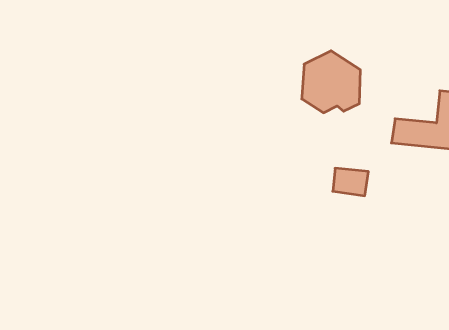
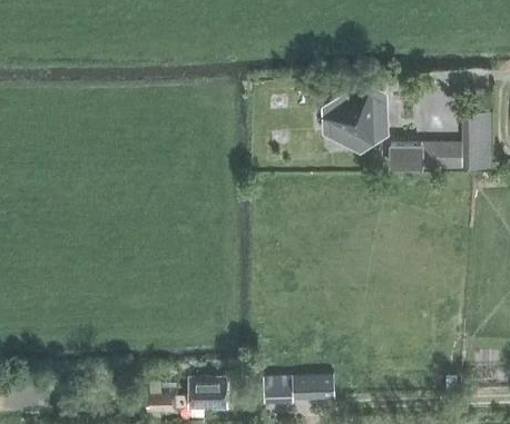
building: [333,168,368,196] -> [389,145,421,168]

